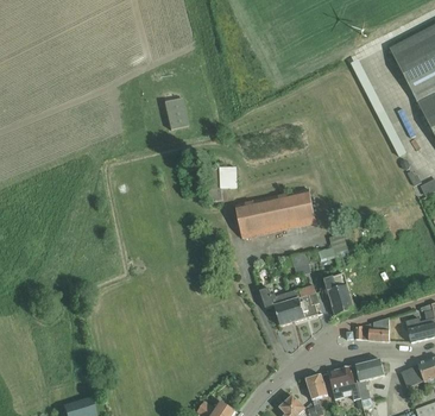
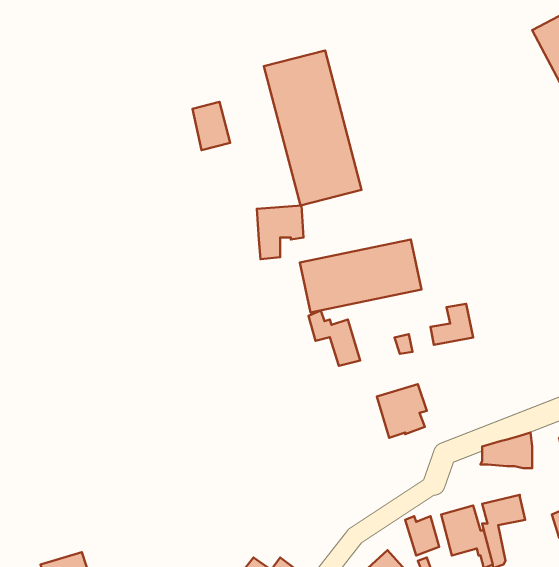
building: none -> [264,50,362,206]
building: [323,273,354,315] -> none
building: [259,288,294,324] -> [308,310,360,366]

